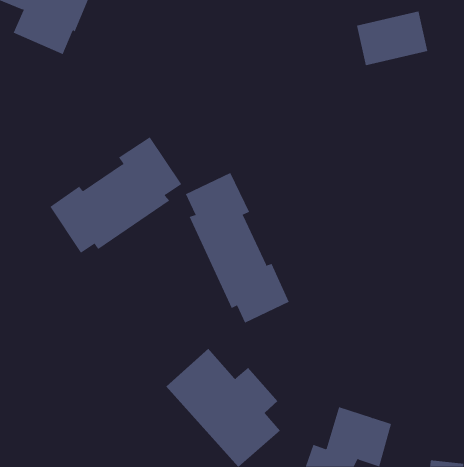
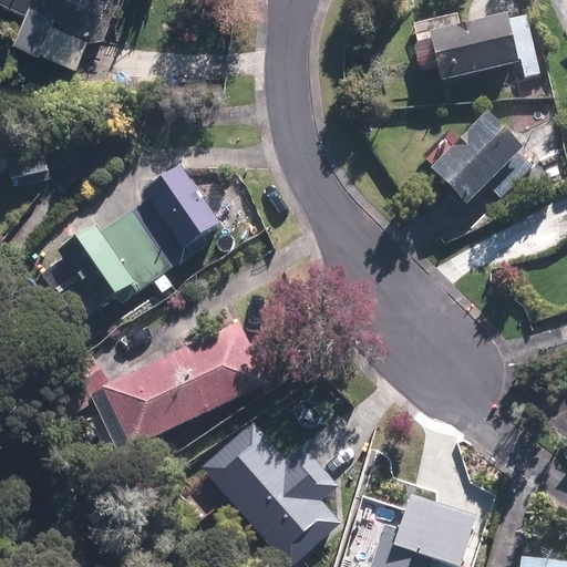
building: none -> [432,112,529,203]
building: [185,172,289,324] -> none
building: none -> [47,321,266,452]

